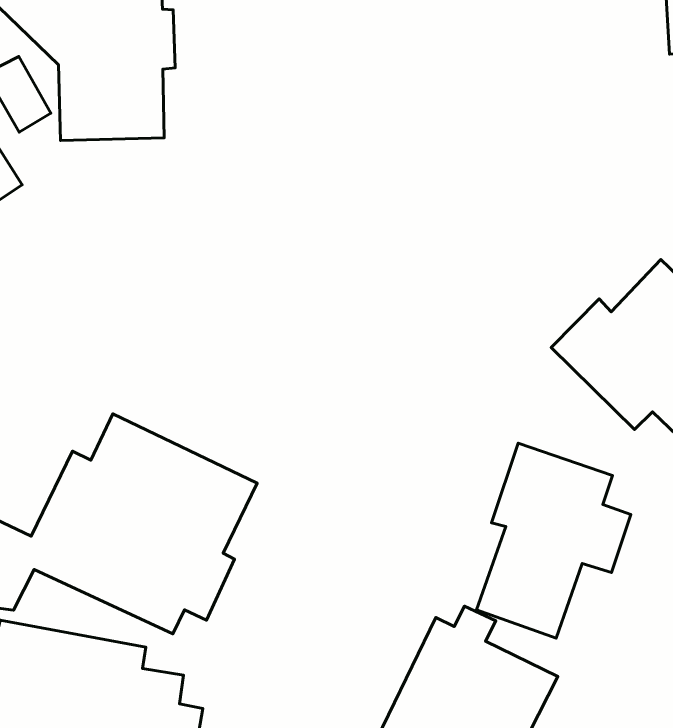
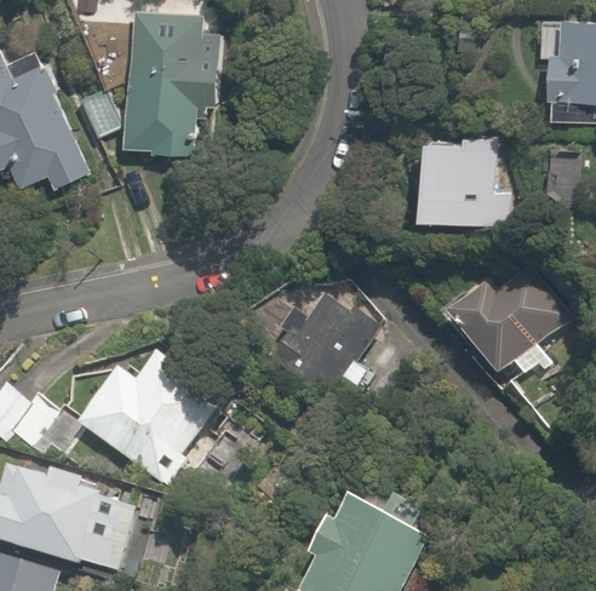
building: none -> [422,119,516,223]
building: none -> [274,287,376,398]
building: [476,443,631,638] -> none

